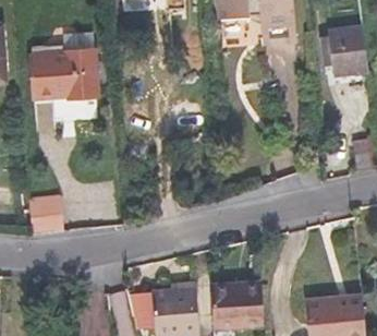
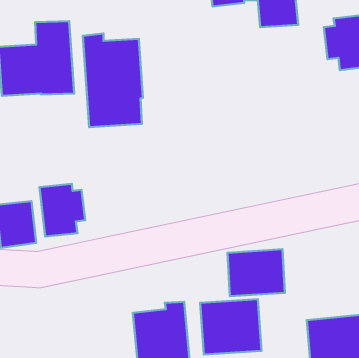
building: none -> [83,34,143,127]
building: none -> [39,184,85,237]
building: none -> [228,249,285,296]

